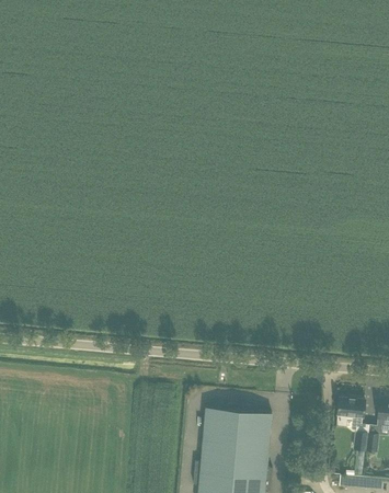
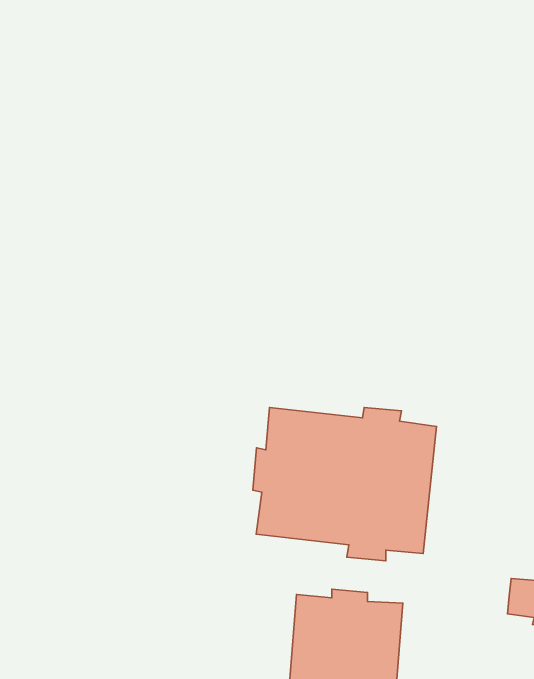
building: none -> [253,407,436,561]

